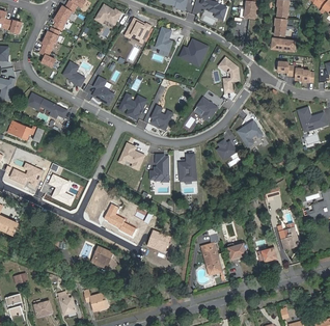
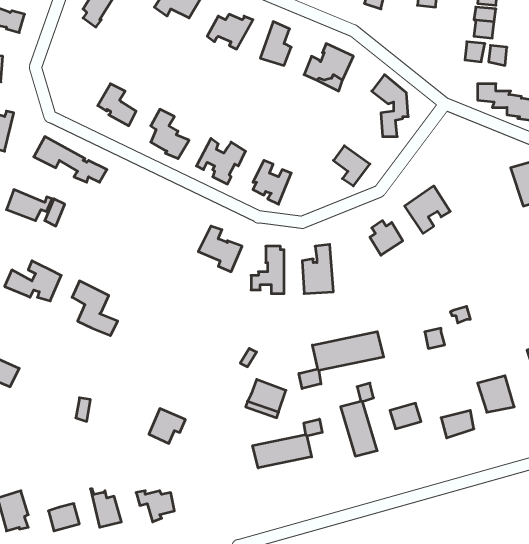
building: [39,28,59,67] -> none
building: none -> [299,332,384,389]
building: [103,203,136,236] -> none
building: none -> [253,419,322,468]

